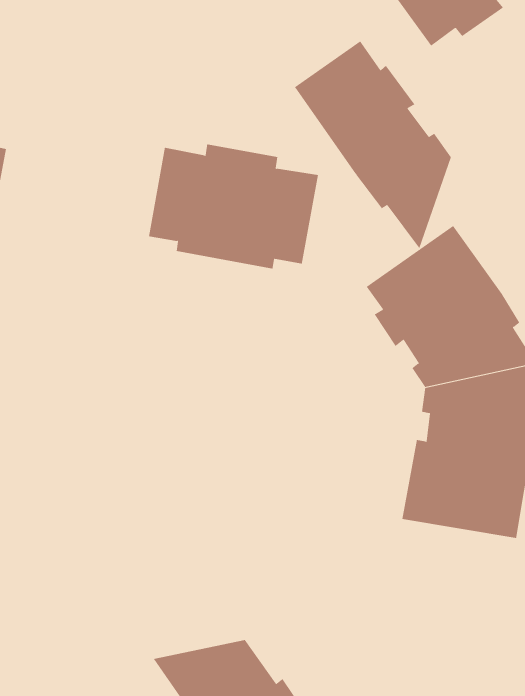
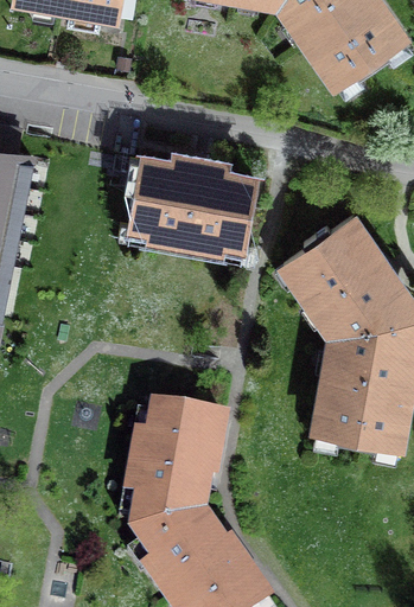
building: [294,40,452,249] -> none
building: none -> [128,411,222,530]

